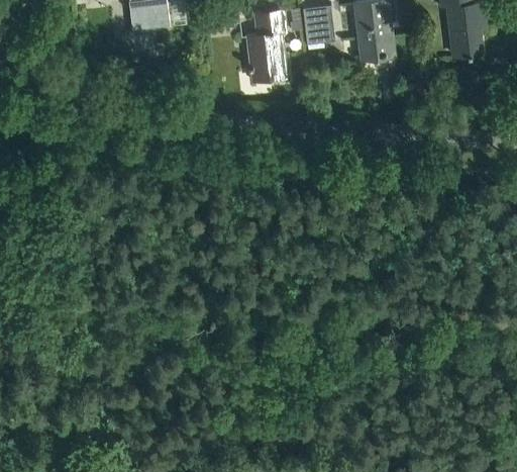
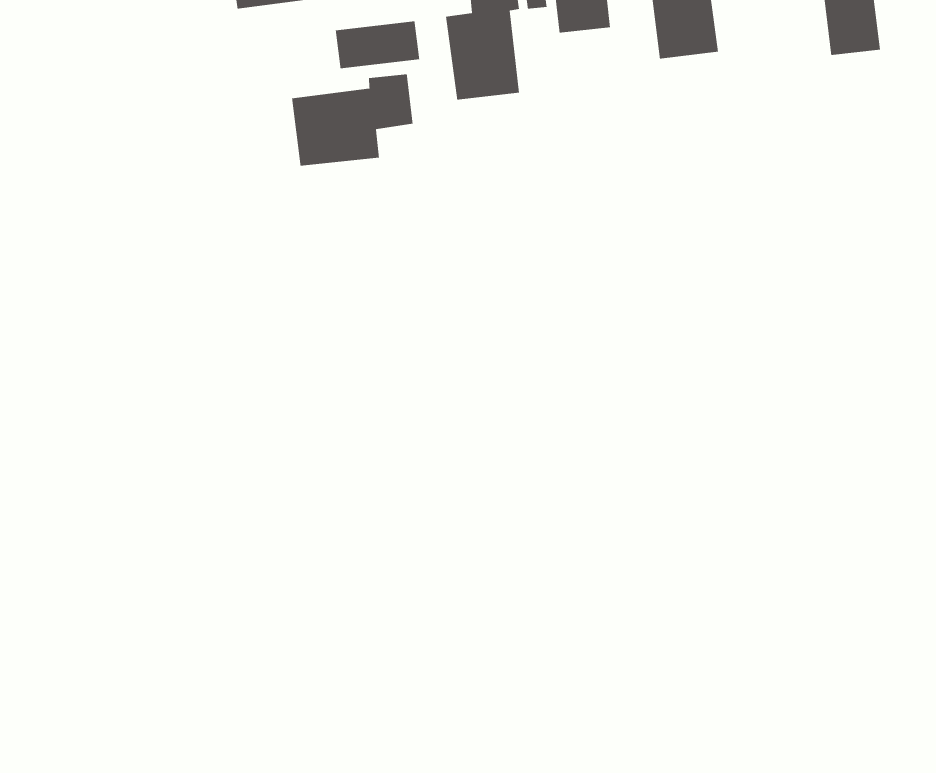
building: none -> [335,20,420,69]
building: none -> [292,74,413,167]

